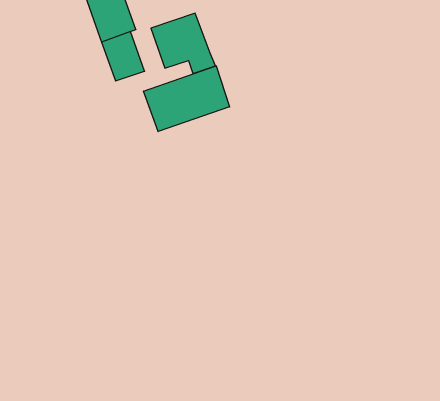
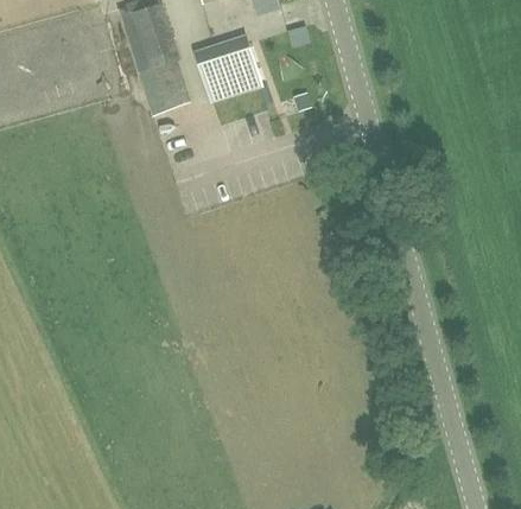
building: [144,66,230,132] -> none

